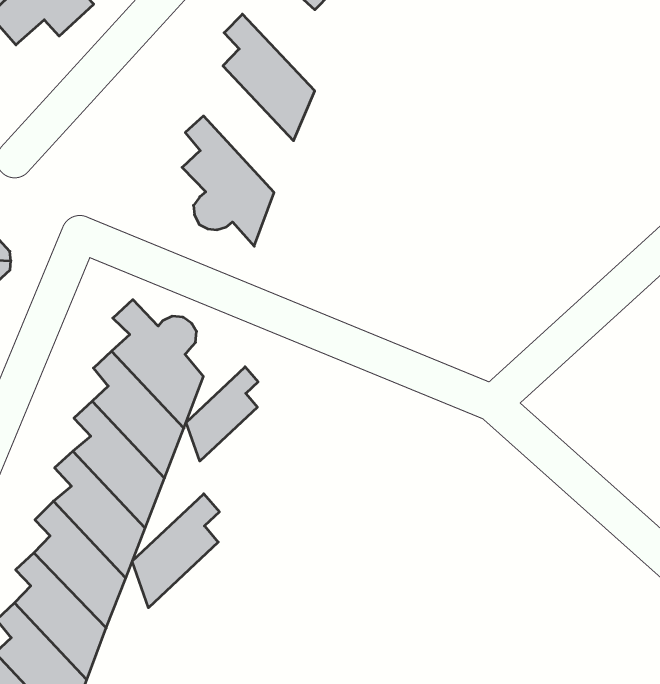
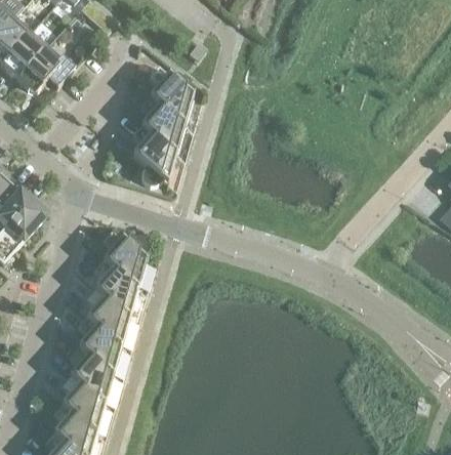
building: none -> [138,94,191,162]
building: [186,367,258,461] -> none
building: [132,494,219,608] -> none

